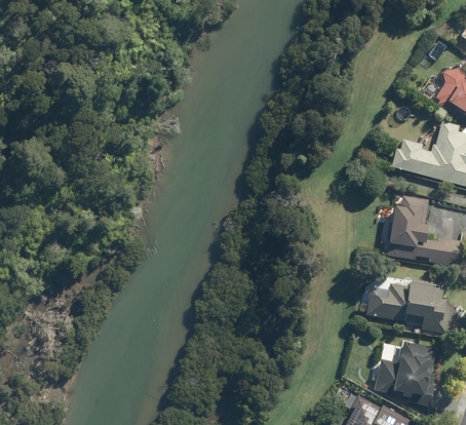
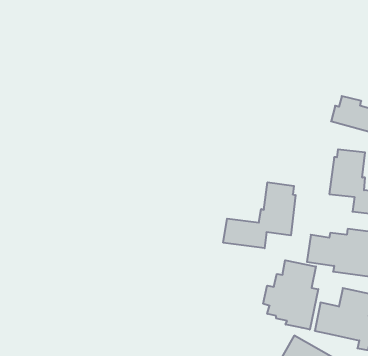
building: none -> [223,182,296,248]
building: none -> [263,260,318,330]

